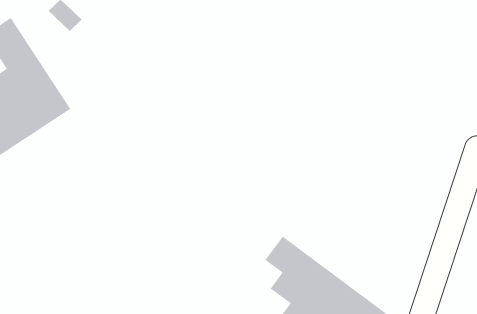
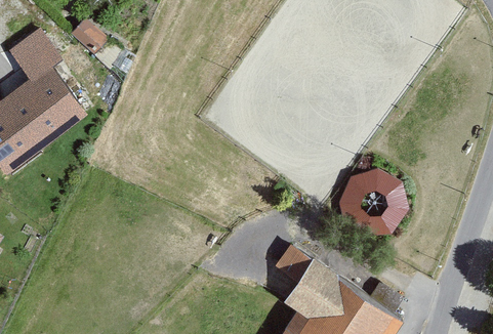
building: none -> [331,159,408,232]

